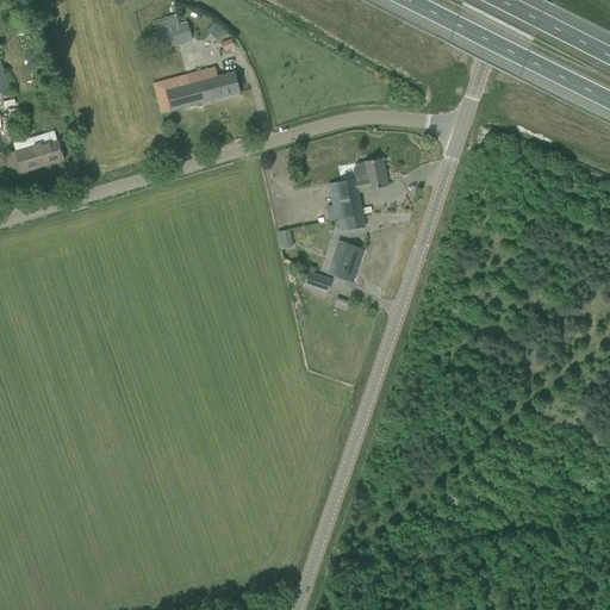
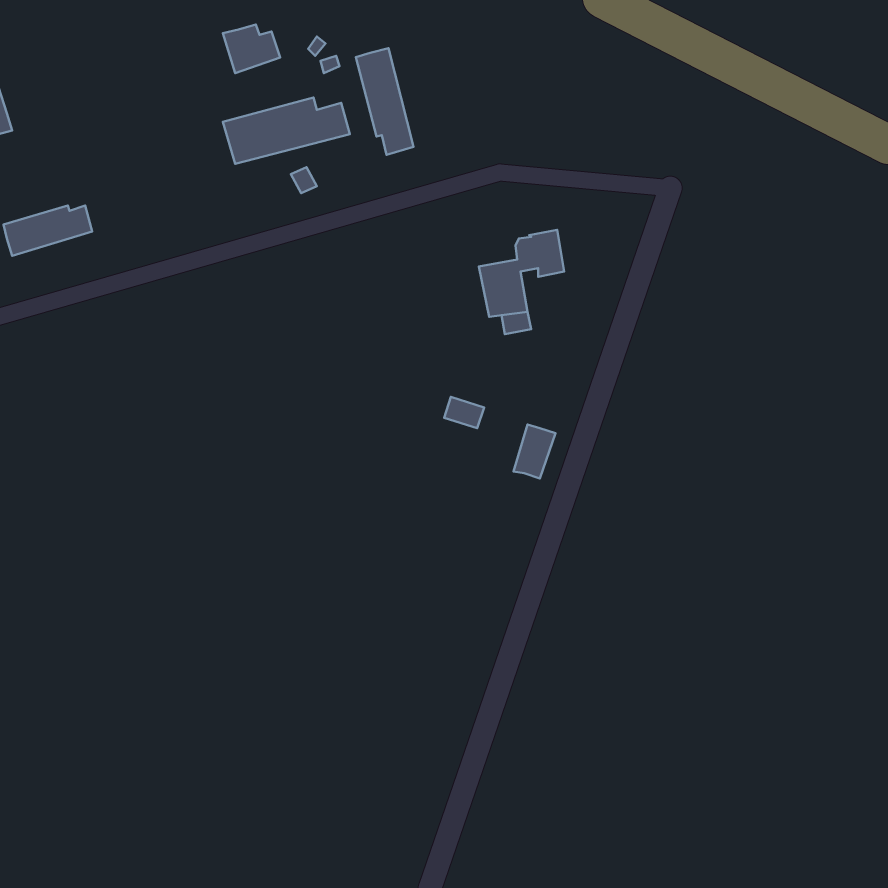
building: none -> [356,48,413,155]
building: [334,243,362,280] -> [514,425,555,479]

